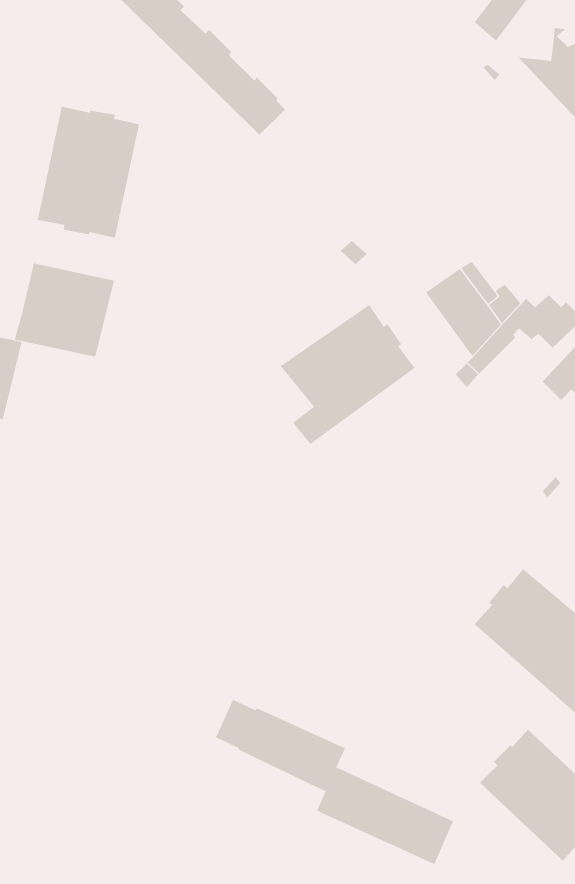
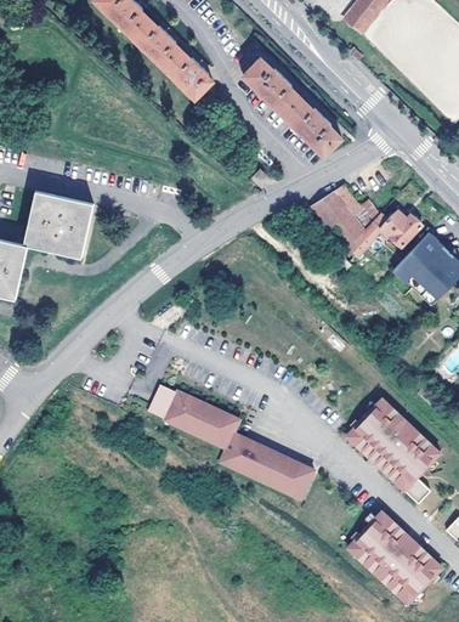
building: none -> [243,58,342,157]
building: [37,106,139,239] -> none
building: [280,304,415,445] -> none
building: [215,699,454,865] -> [148,386,314,502]

